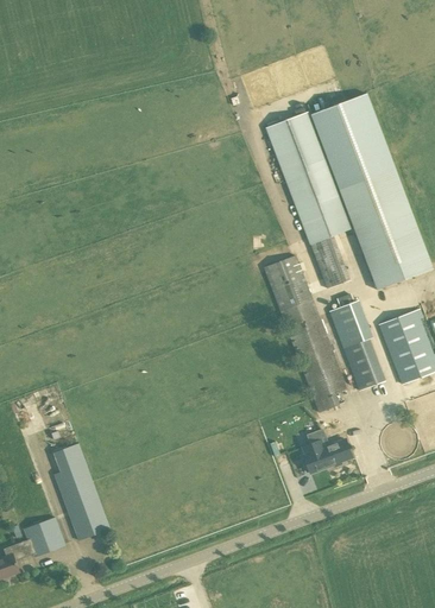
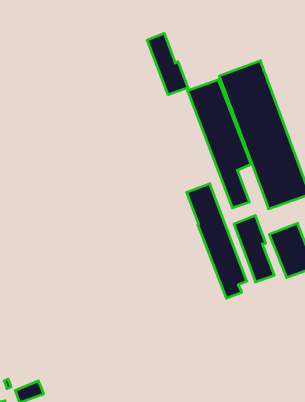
building: none -> [147,33,188,95]
building: [301,438,351,473] -> none
building: [51,442,109,539] -> none

